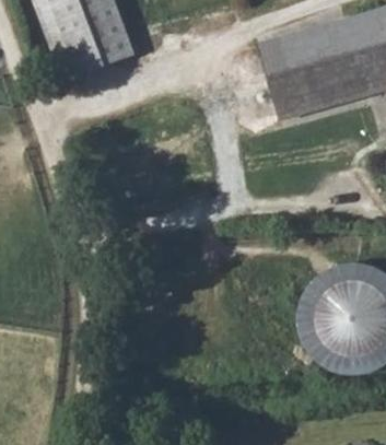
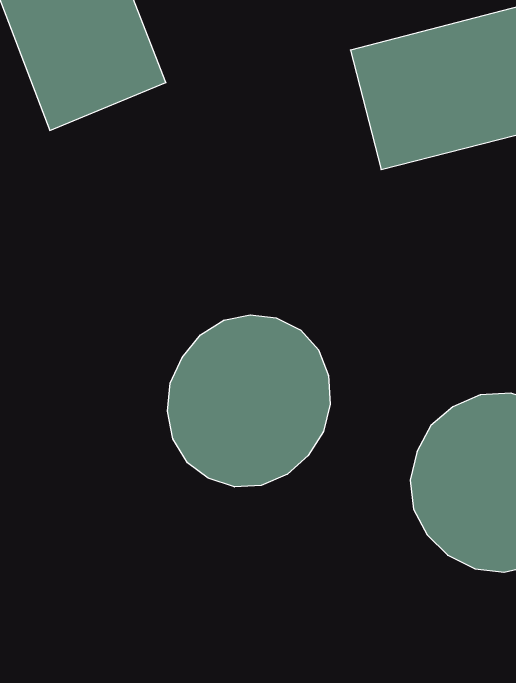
building: none -> [168,315,330,487]

